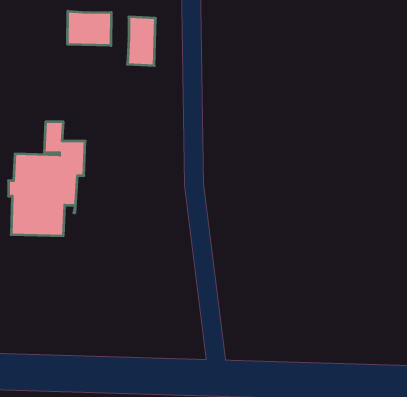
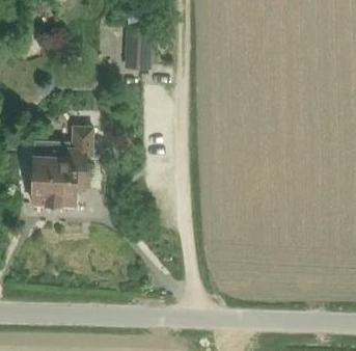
building: [68,11,111,46] -> none

